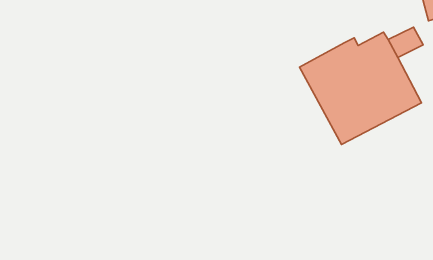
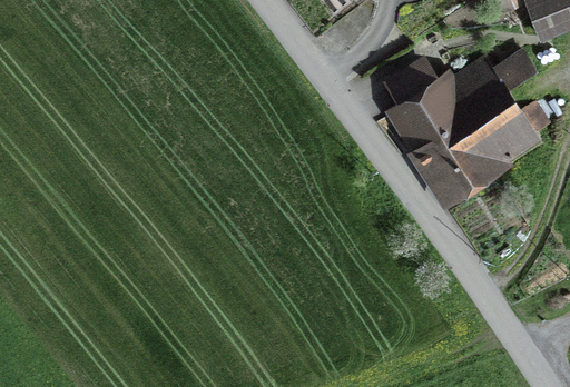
building: none -> [383,57,438,103]

